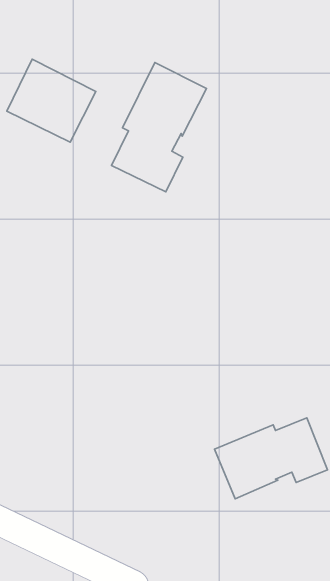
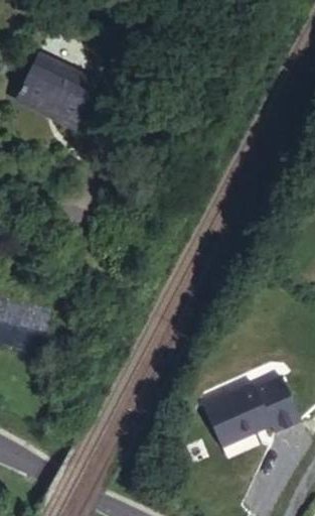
building: [111,63,207,192] -> none

